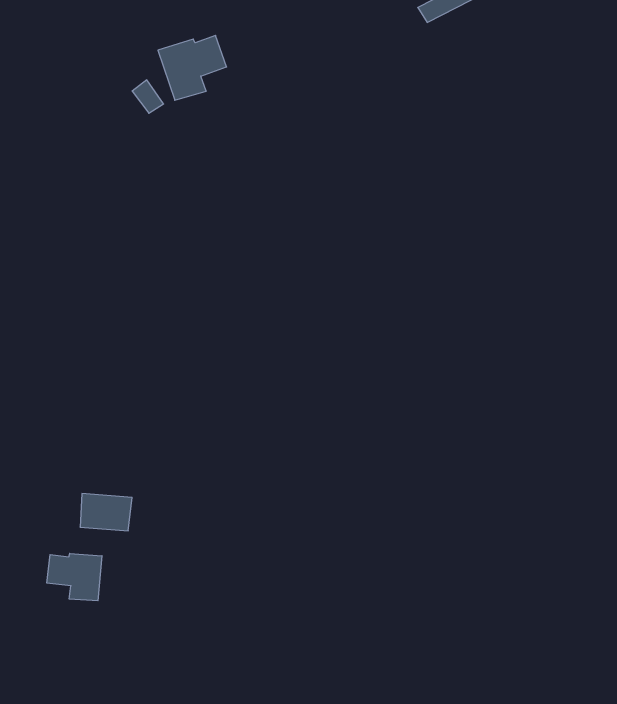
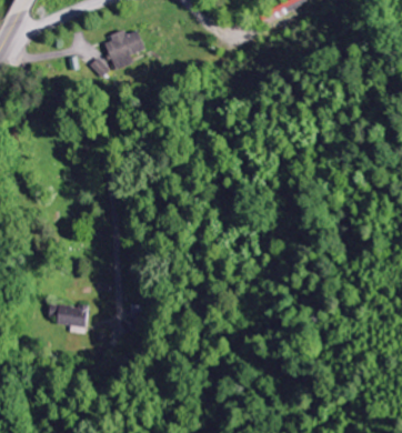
building: [47,553,102,601] -> none

